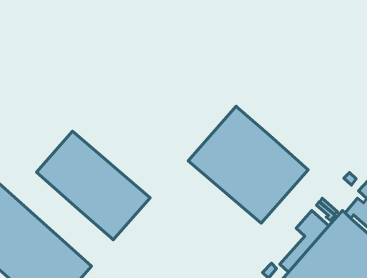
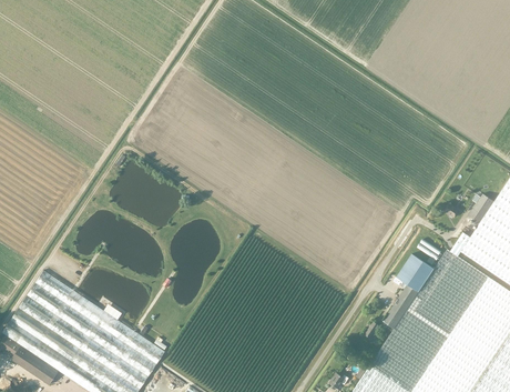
building: [188,106,308,223] -> none
building: [36,131,150,240] -> none

